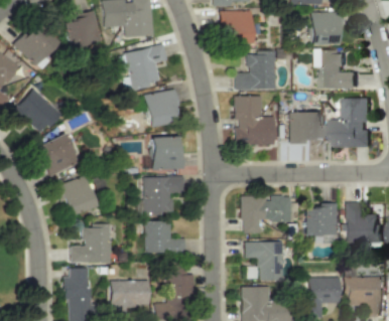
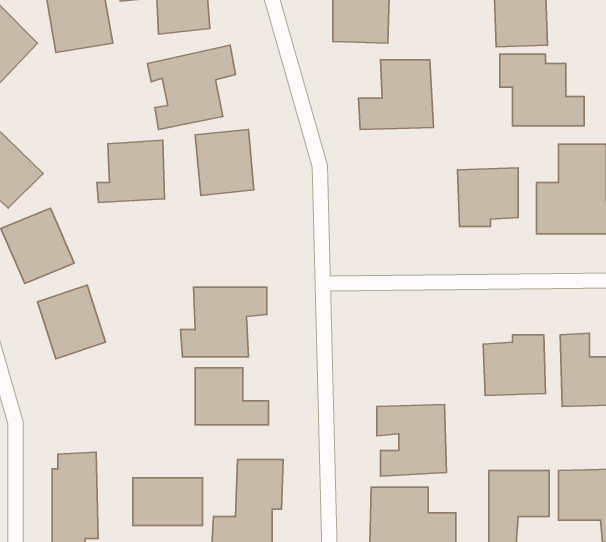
building: [234,96,273,145] -> none
building: [144,135,181,169] -> [97,140,165,203]
building: [241,195,292,231] -> none
building: [70,223,110,263] -> none

